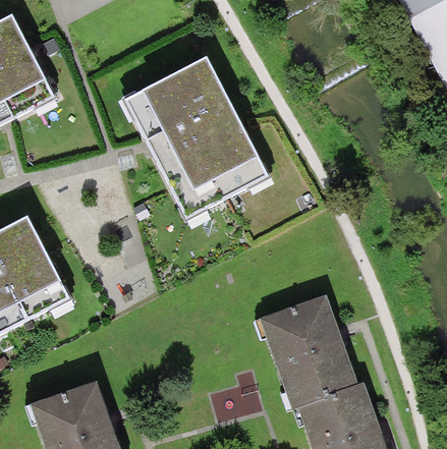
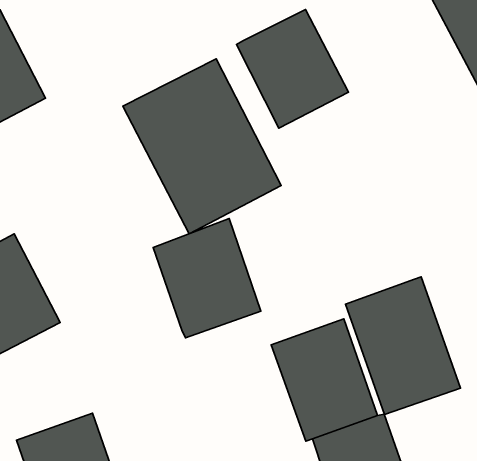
building: none -> [237,9,349,128]
building: none -> [153,218,261,338]
building: none -> [346,277,461,414]

